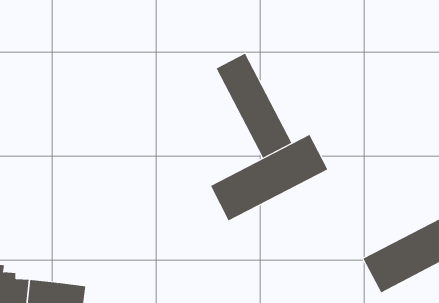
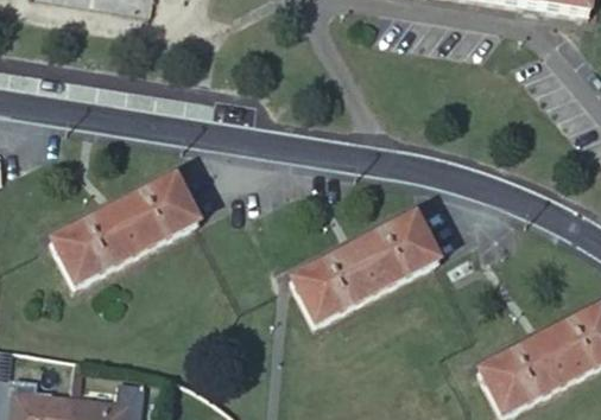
building: [216,53,292,158] -> none
building: none -> [56,171,202,279]

